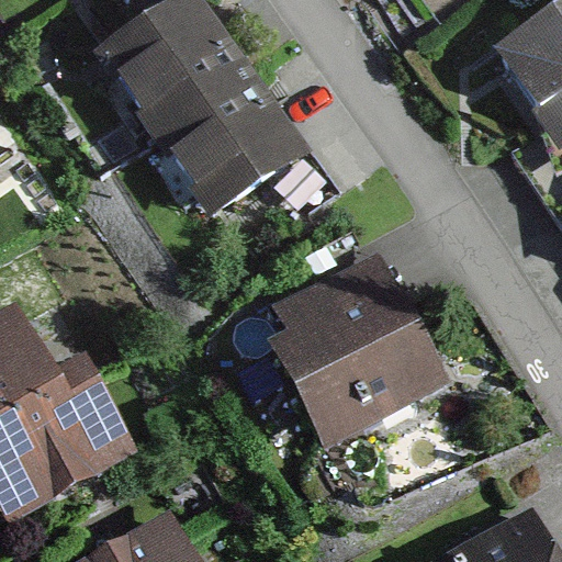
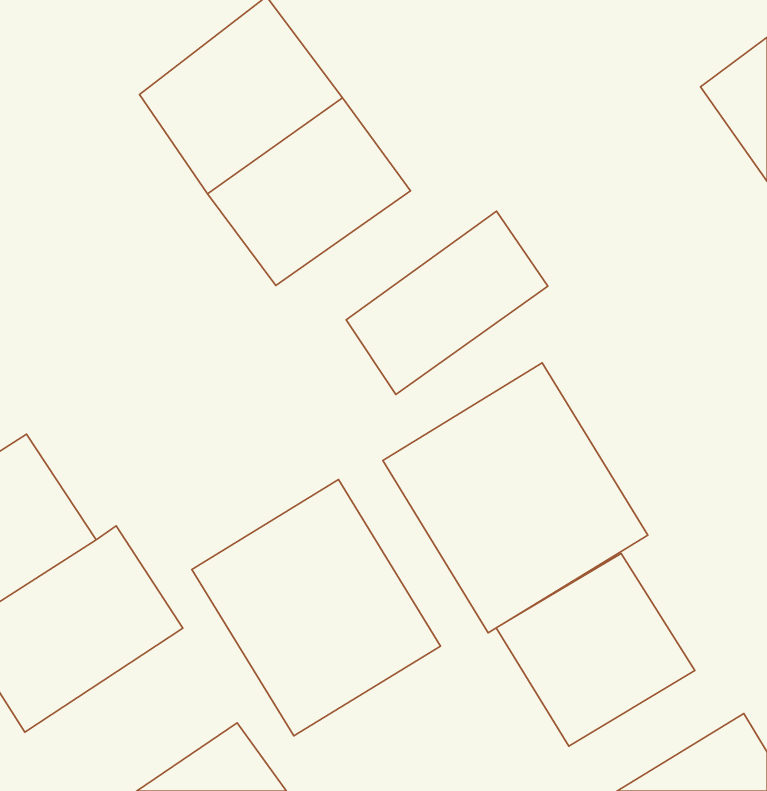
building: none -> [346,211,548,395]
building: none -> [192,479,441,736]
building: none -> [496,554,695,746]

